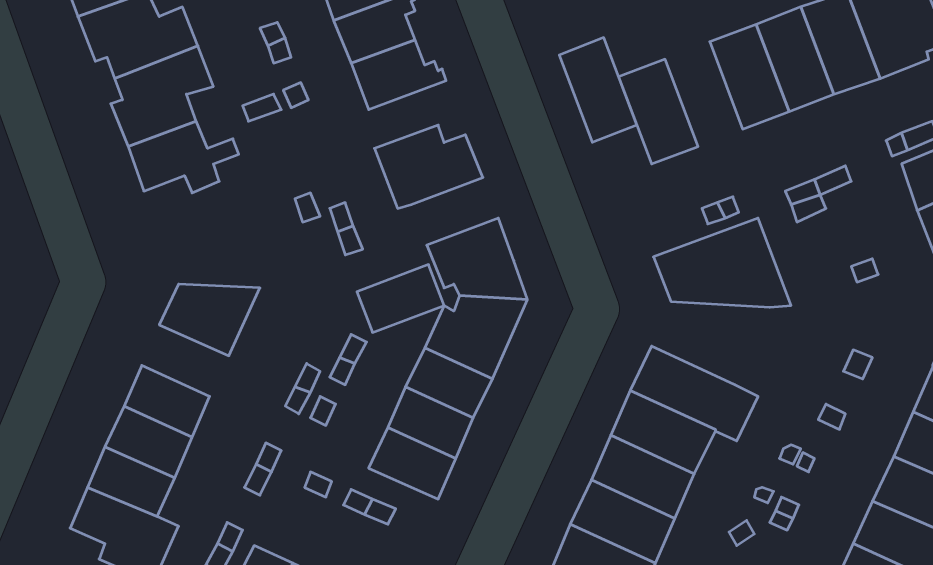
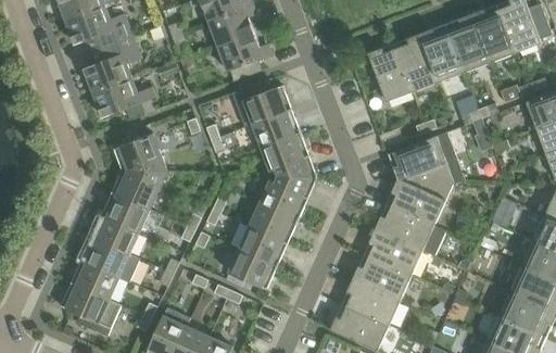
building: [559,38,637,142] -> [394,34,438,92]
building: none -> [113,135,167,172]
building: [357,265,444,332] -> [252,110,301,148]
building: none -> [387,179,453,226]
building: none -> [101,192,150,232]

